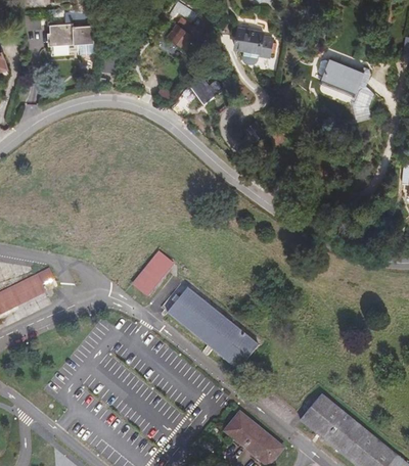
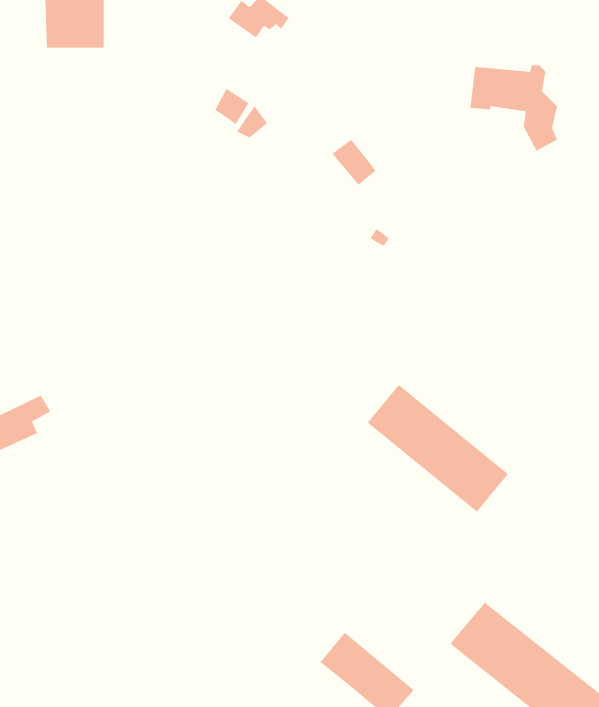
building: [232,32,268,60] -> none
building: [187,75,215,103] -> [331,139,376,186]
building: [136,251,173,292] -> none
building: [170,287,257,366] -> [367,384,509,512]

